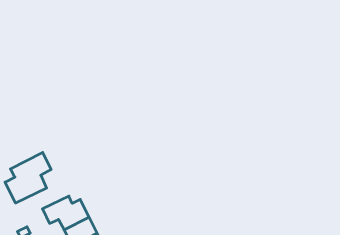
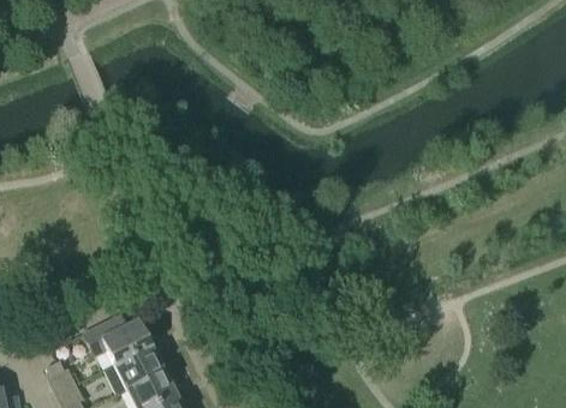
building: [5,152,51,203] -> none

